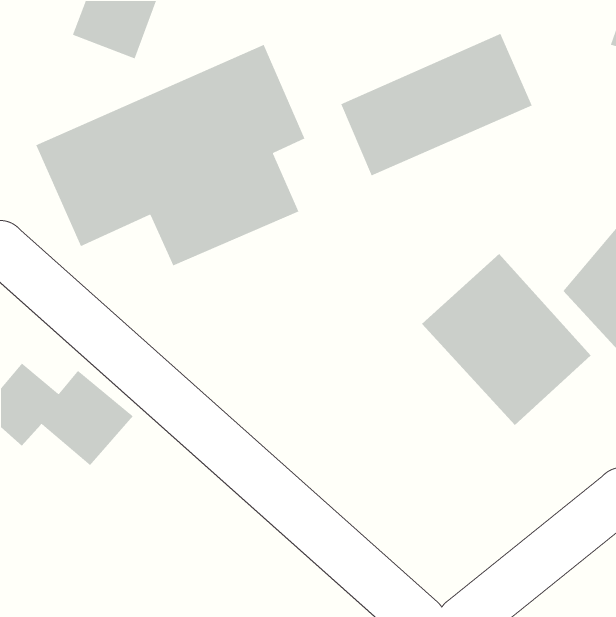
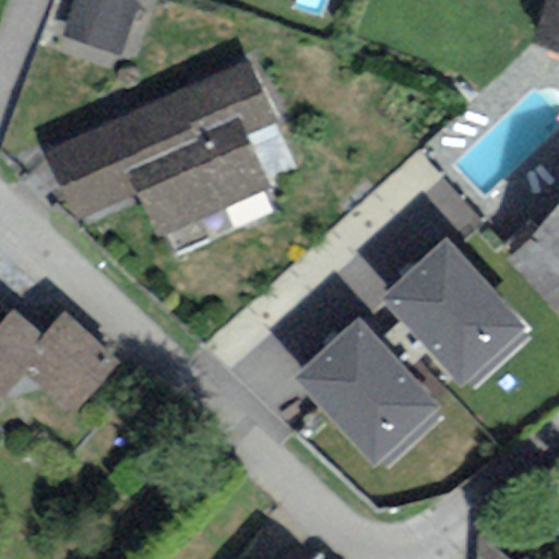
building: [340,33,533,176] -> none
building: none -> [296,322,438,464]

